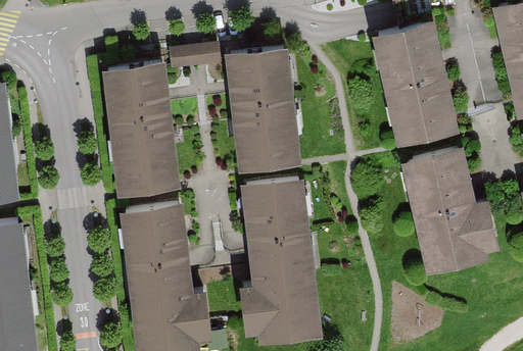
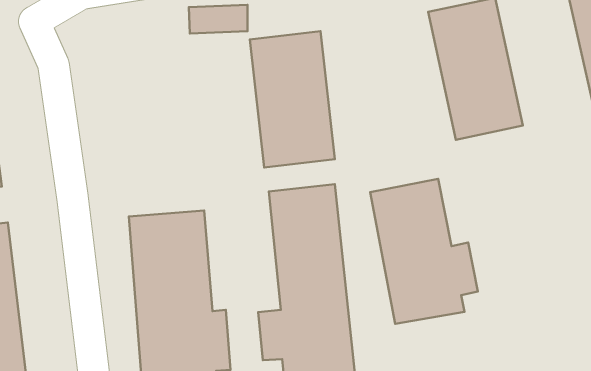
building: [103,65,180,191] -> none
building: [405,147,496,270] -> [370,179,478,324]

